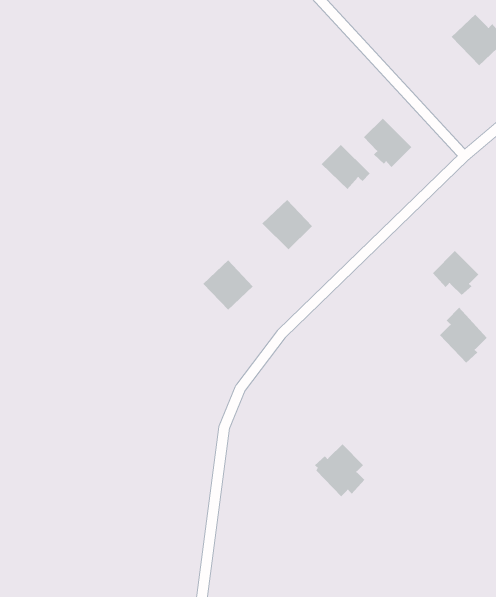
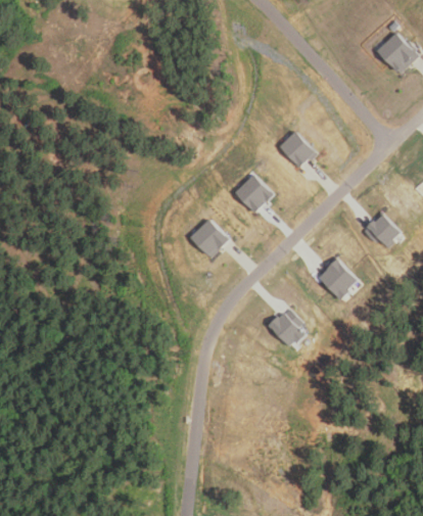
building: [363,118,412,168] -> none
building: [439,307,487,363] -> [320,256,357,299]
building: [314,444,365,497] -> [268,306,307,346]

